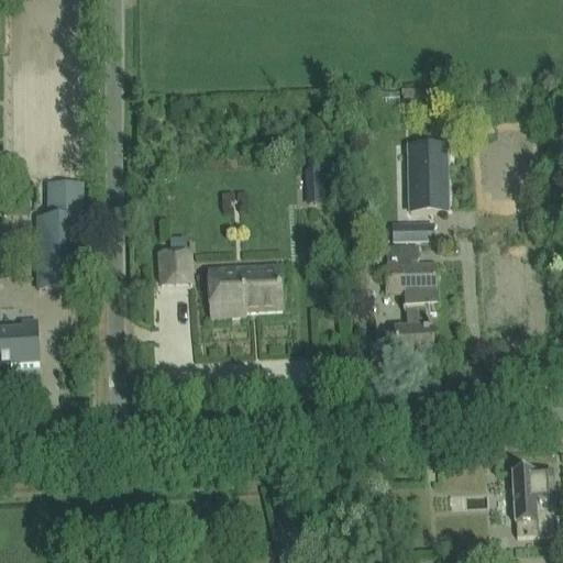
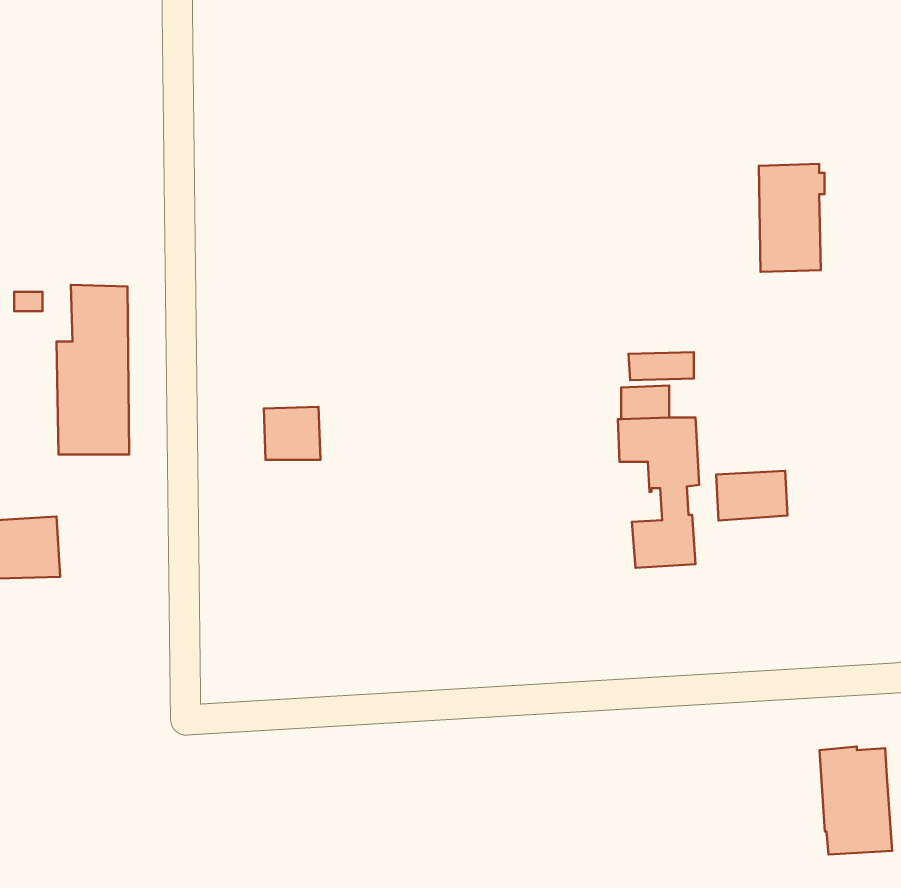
building: [407,140,448,207] -> [759,164,824,272]
building: [207,264,280,312] -> none
building: none -> [716,471,787,521]

